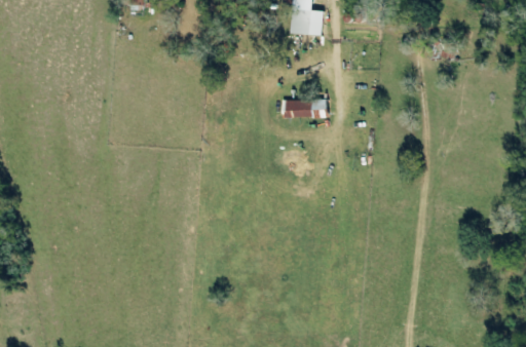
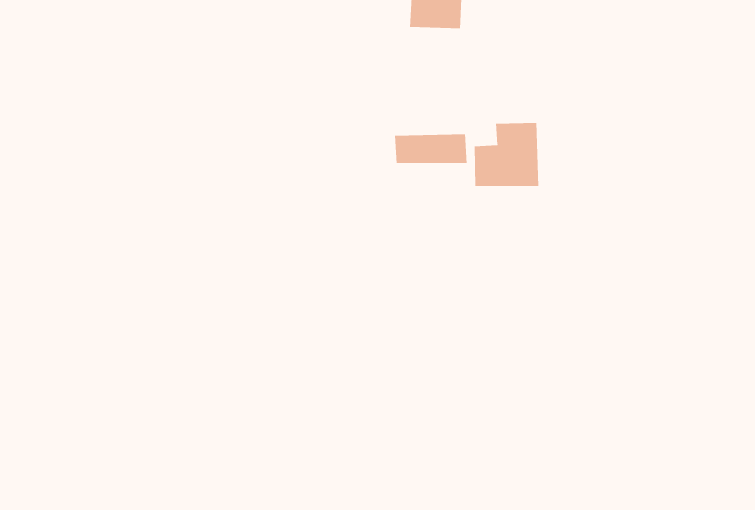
building: none -> [474,122,539,187]

